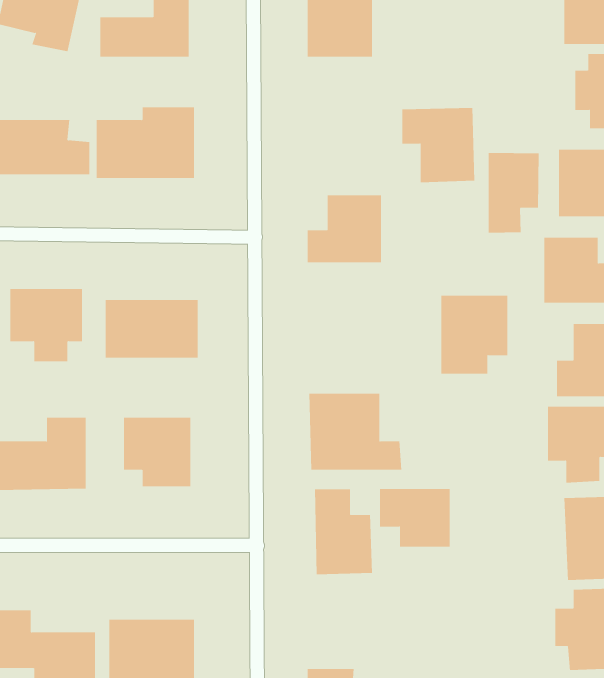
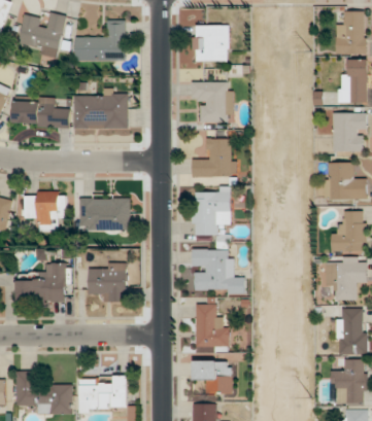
building: [402,107,475,183] -> [192,81,233,124]
building: [488,152,539,234] -> none
building: [440,295,508,374] -> [193,191,231,236]
building: [379,488,451,547] -> [194,361,234,394]

